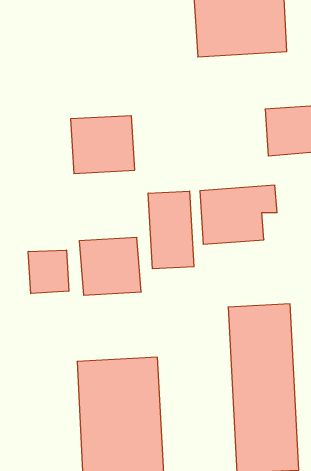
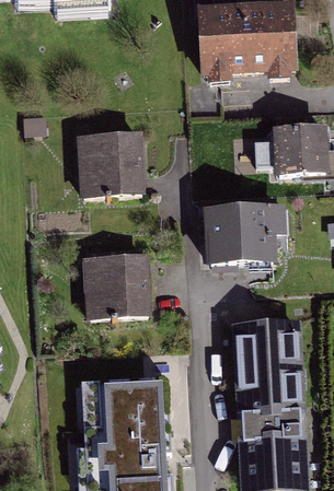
building: [148,191,194,269] -> none
building: [28,250,69,294] -> none

